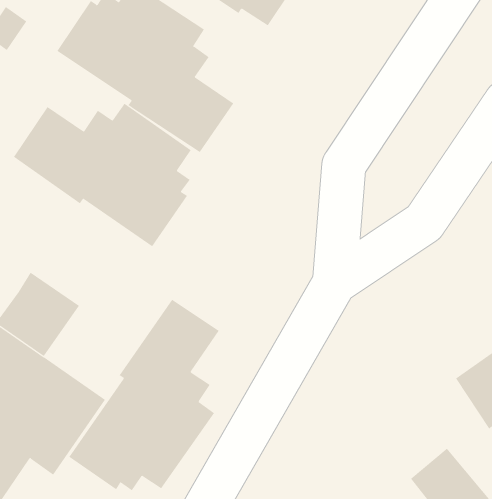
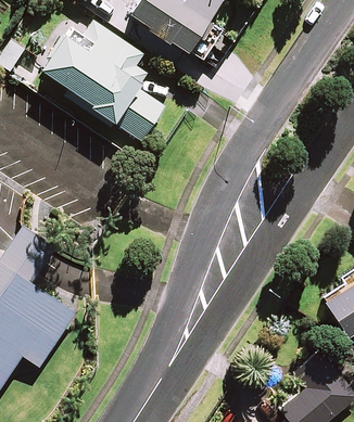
building: [13,103,192,247] -> none
building: [69,299,219,491] -> none

